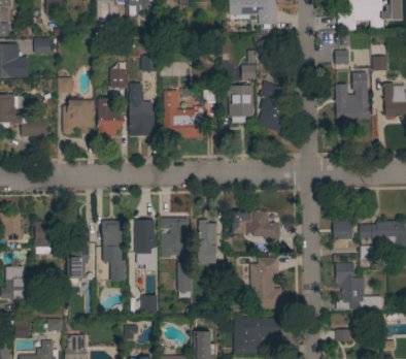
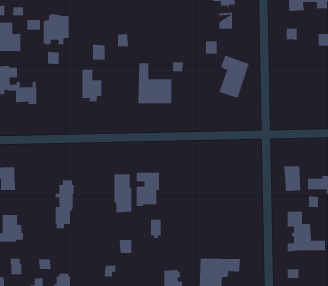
building: [335,72,368,121] -> none
building: [226,84,253,123] -> none
building: [63,98,94,134] -> [43,14,69,45]
building: [129,102,155,135] -> none
building: [232,209,280,238] -> none
building: [102,220,125,282] -> none
building: [198,220,216,264] -> none
building: [33,221,54,254] -> none
building: [242,257,281,309] -> none

